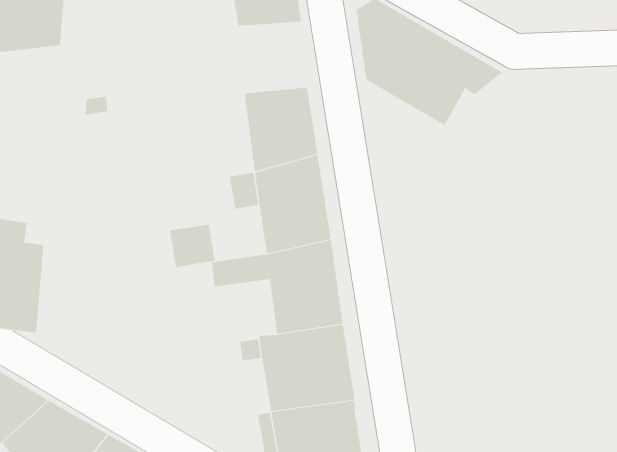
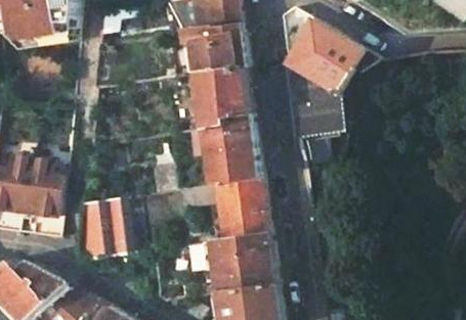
building: none -> [181,22,245,72]
building: none -> [282,62,339,162]
building: none -> [74,194,131,259]

